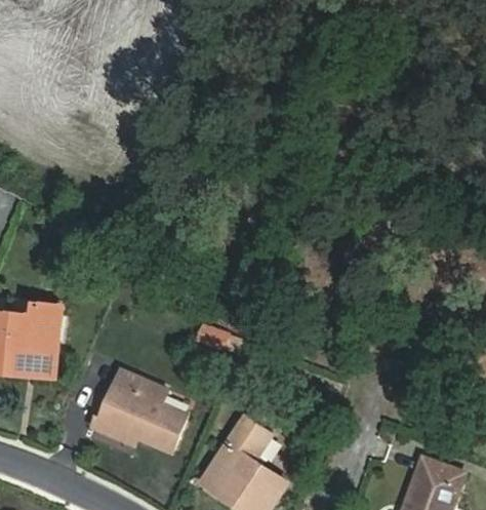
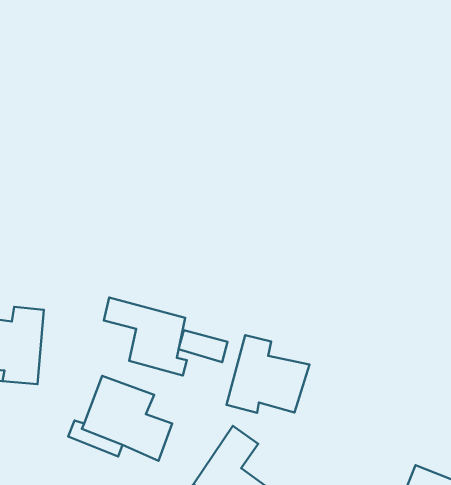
building: none -> [104,297,187,375]
building: none -> [227,335,310,413]

